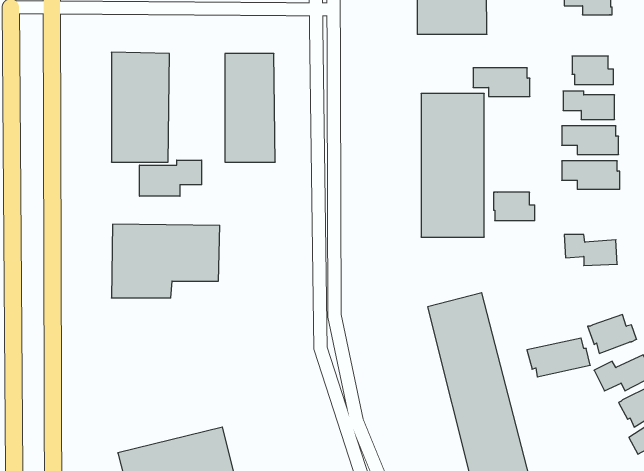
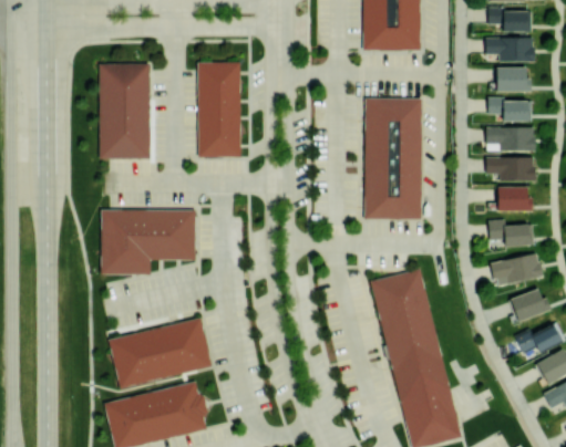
building: [473,68,530,96] -> [486,37,535,61]
building: [140,160,202,196] -> none
building: [494,192,535,221] -> [496,186,532,210]
building: [527,338,590,377] -> [490,252,544,285]
building: none -> [109,318,210,388]

